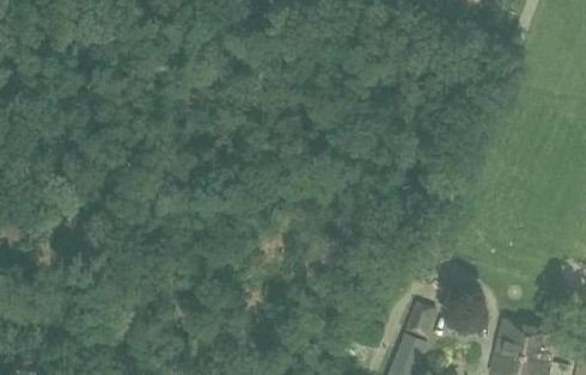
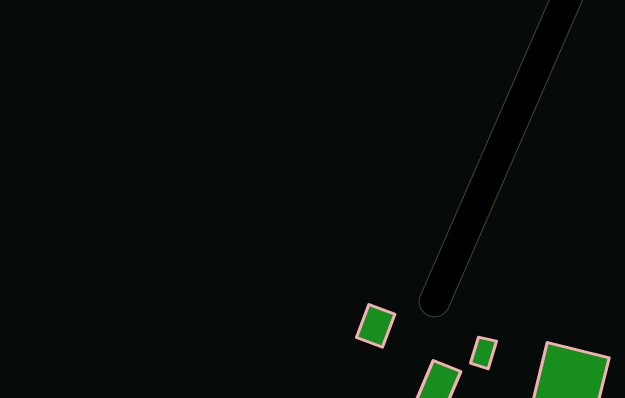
building: [403,301,437,338] -> [356,305,395,347]

